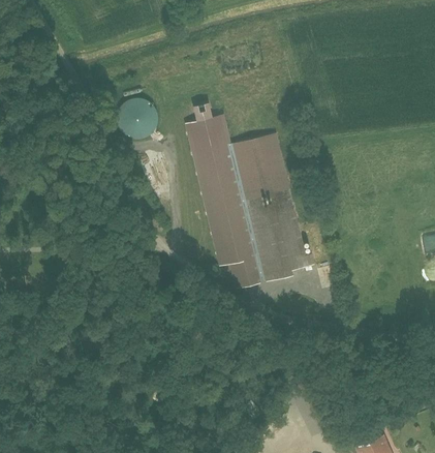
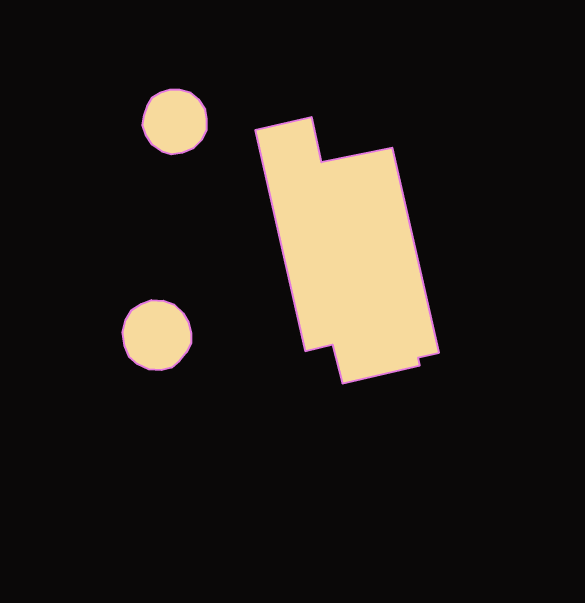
building: none -> [123,300,191,370]

